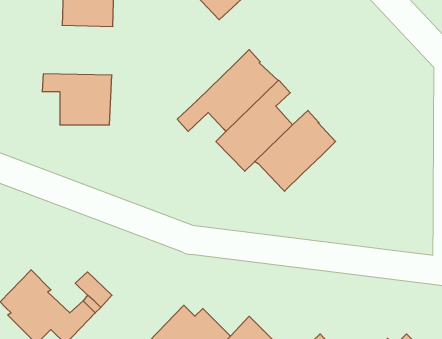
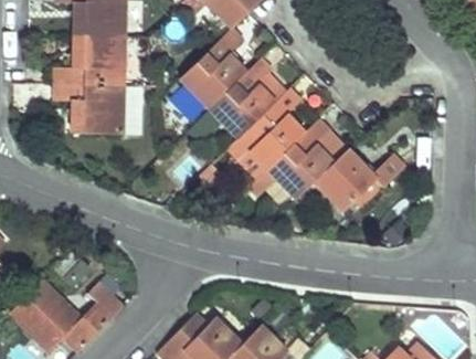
building: none -> [179,29,246,109]
building: none -> [55,34,125,84]
building: none -> [314,149,404,212]

